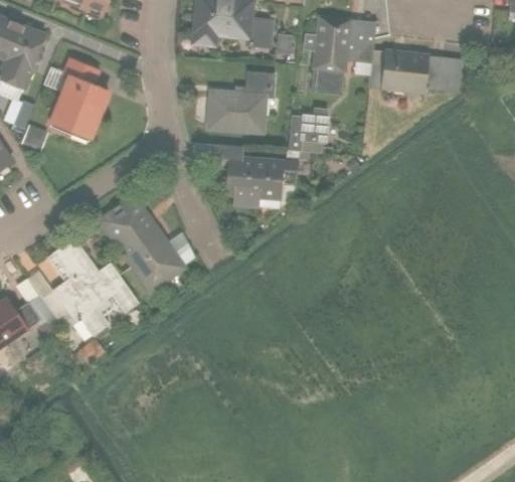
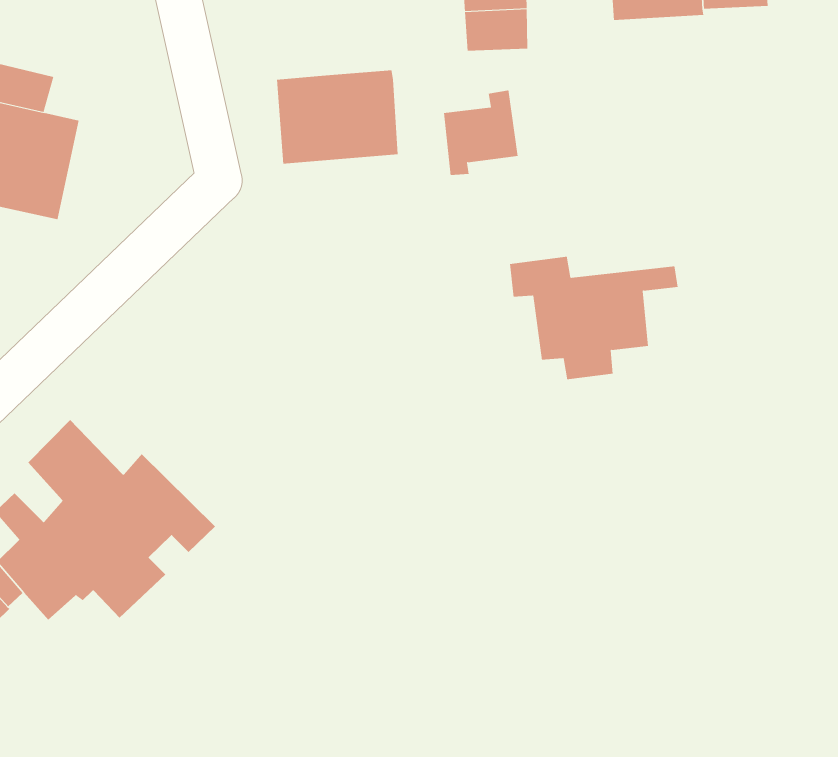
building: [234,70,277,99] -> none
building: [212,144,297,208] -> [509,256,679,380]
building: [98,194,196,295] -> none

